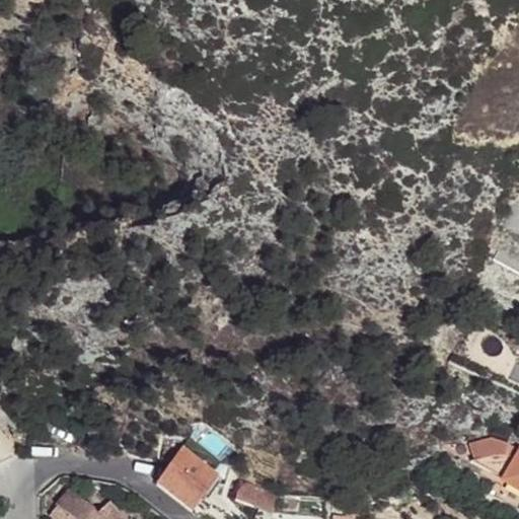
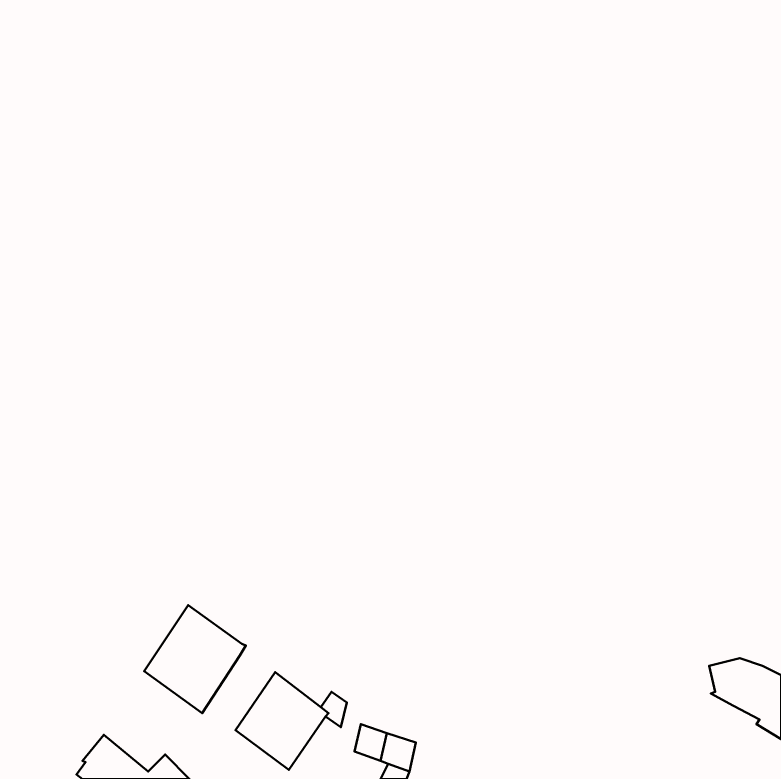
building: none -> [144,605,246,713]

